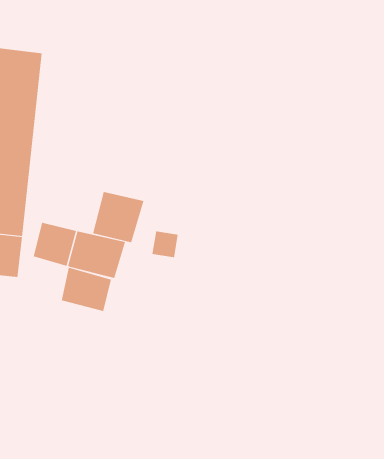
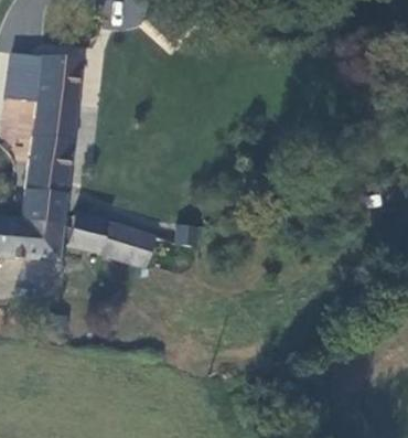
building: [93,191,144,243] -> none
building: [61,267,111,312] -> none

